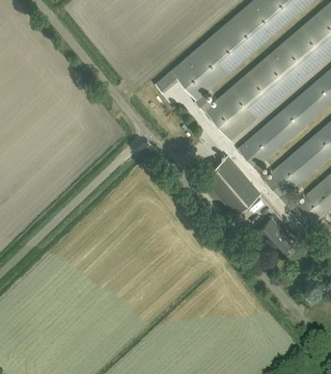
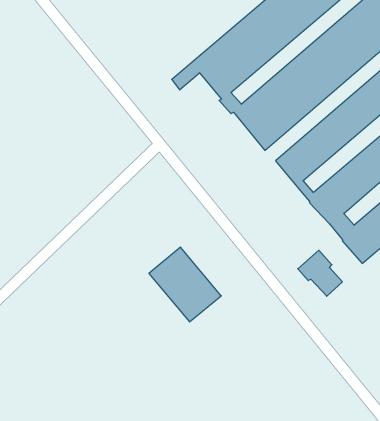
building: [202,157,259,216] -> [149,247,221,322]

